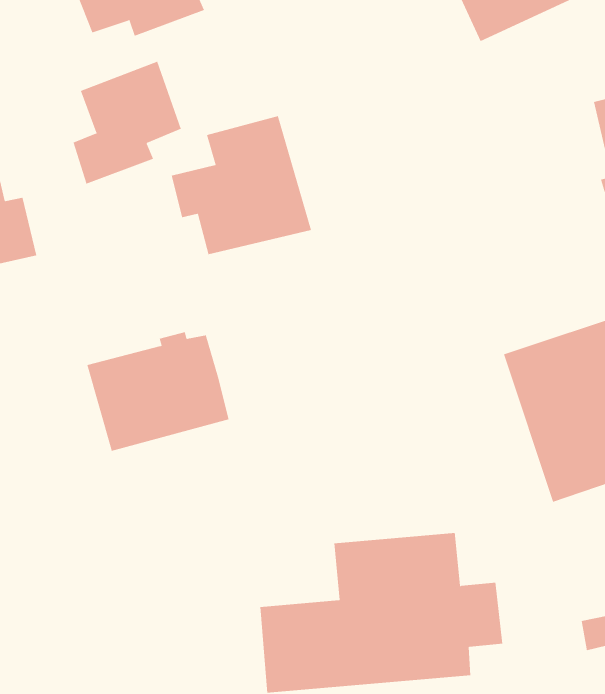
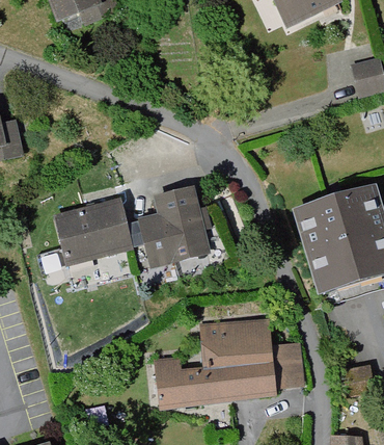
building: [73,61,182,184] -> none
building: [171,115,312,255] -> [130,188,213,270]

